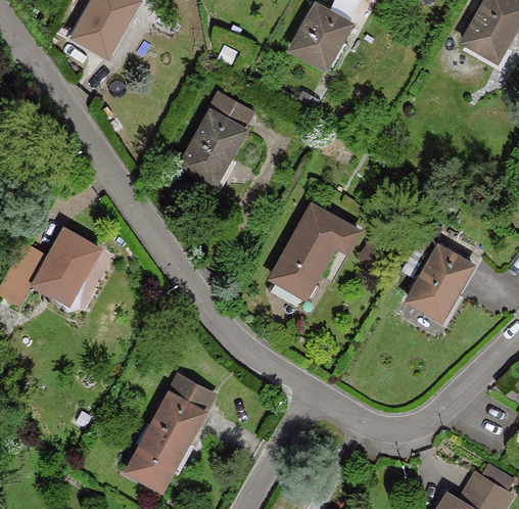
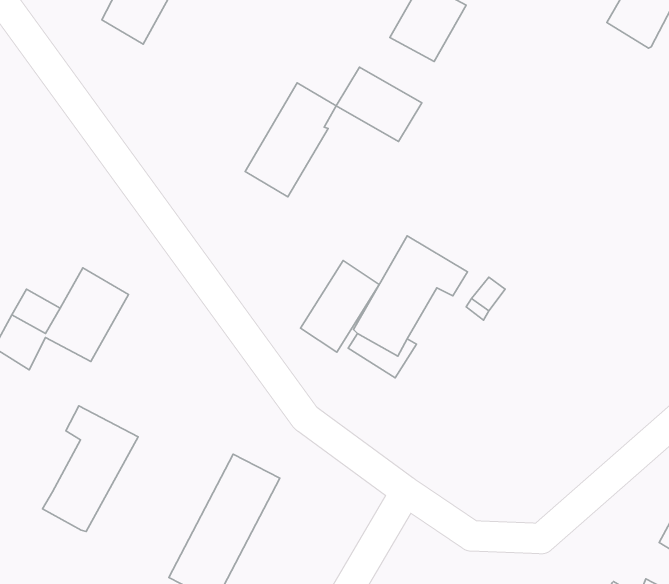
building: none -> [336,67,422,141]
building: none -> [300,260,379,352]
building: [406,246,471,319] -> none
building: none -> [43,406,138,531]

